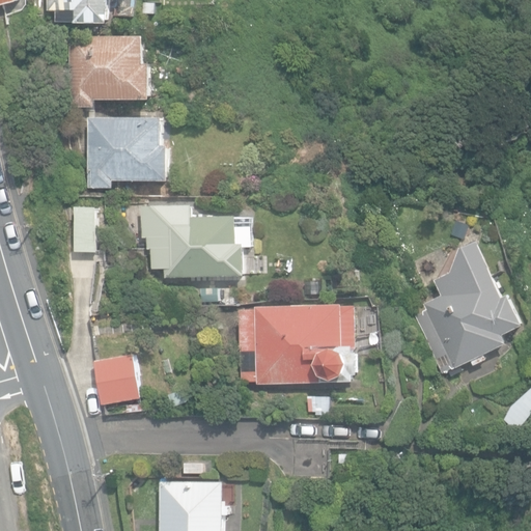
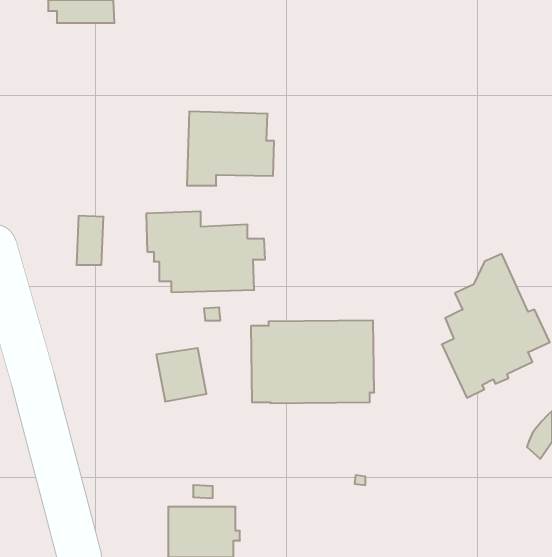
building: [67,36,149,107] -> none
building: [85,118,168,189] -> [187,112,274,186]
building: [91,354,139,404] -> [156,348,207,401]

